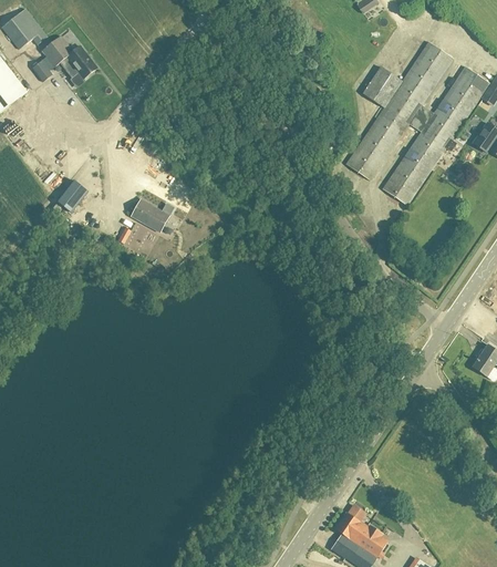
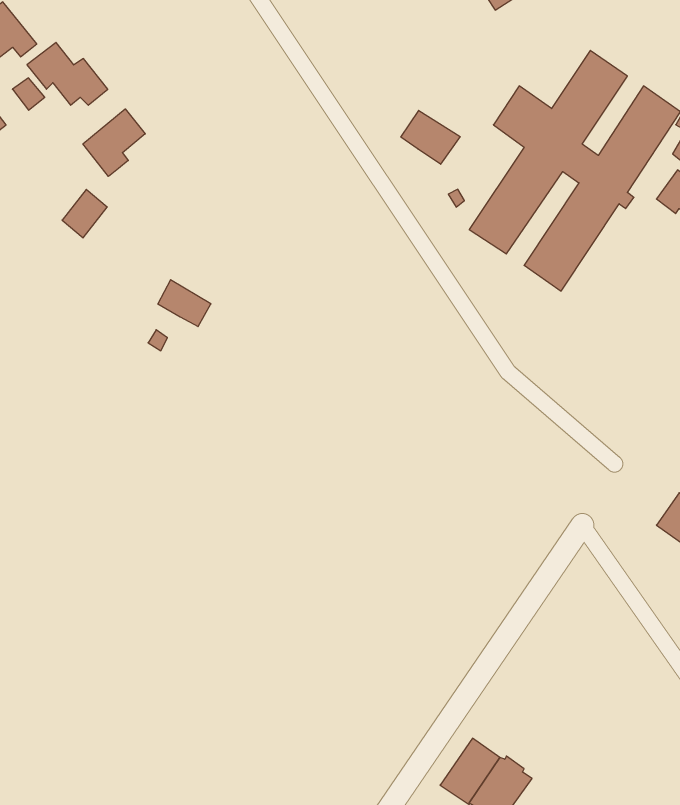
building: none -> [83,109,145,176]
building: none -> [401,110,460,164]
building: [56,178,87,212] -> [62,189,107,238]

